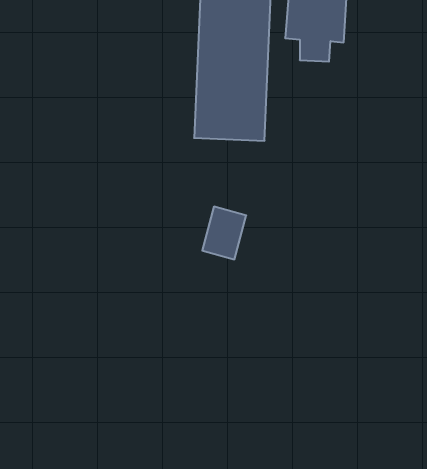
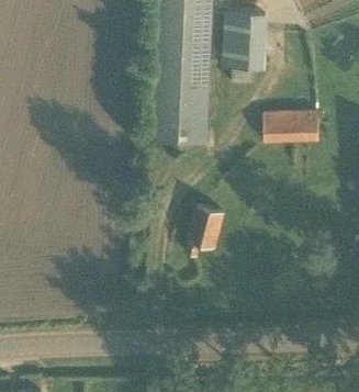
building: none -> [263,112,319,144]
building: [202,207,246,259] -> [190,210,223,249]

